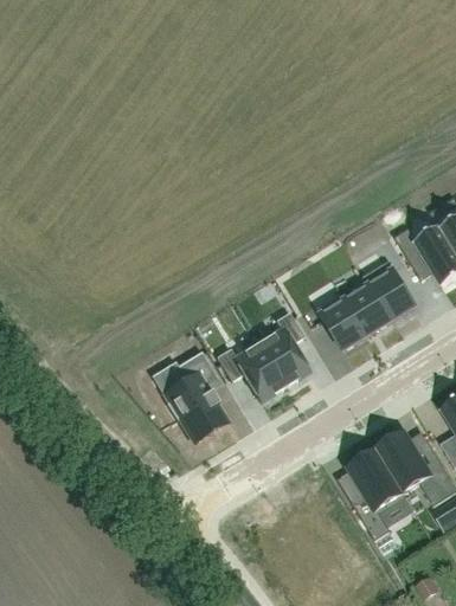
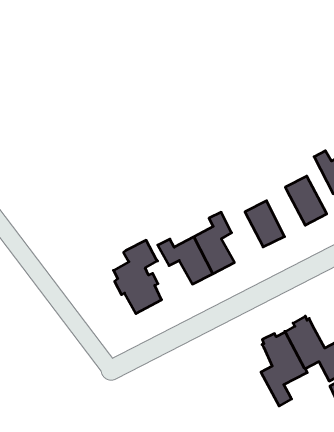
building: [342,279,391,335] -> none

